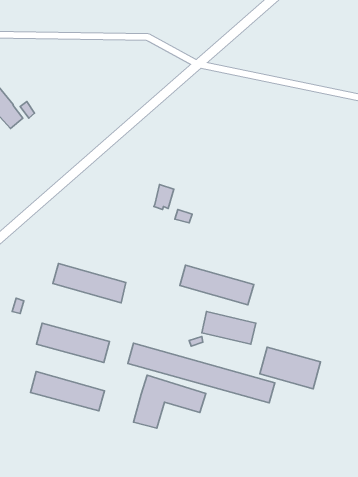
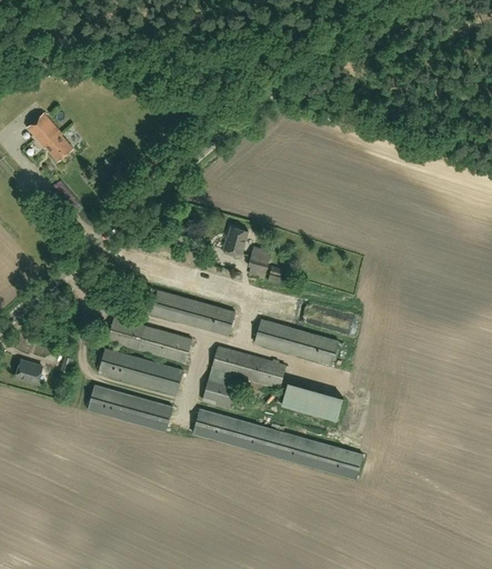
building: none -> [150,290,234,335]
building: [260,347,320,389] -> none
building: [30,371,105,411] -> [98,348,183,393]
building: [134,375,206,428] -> [202,346,285,407]

